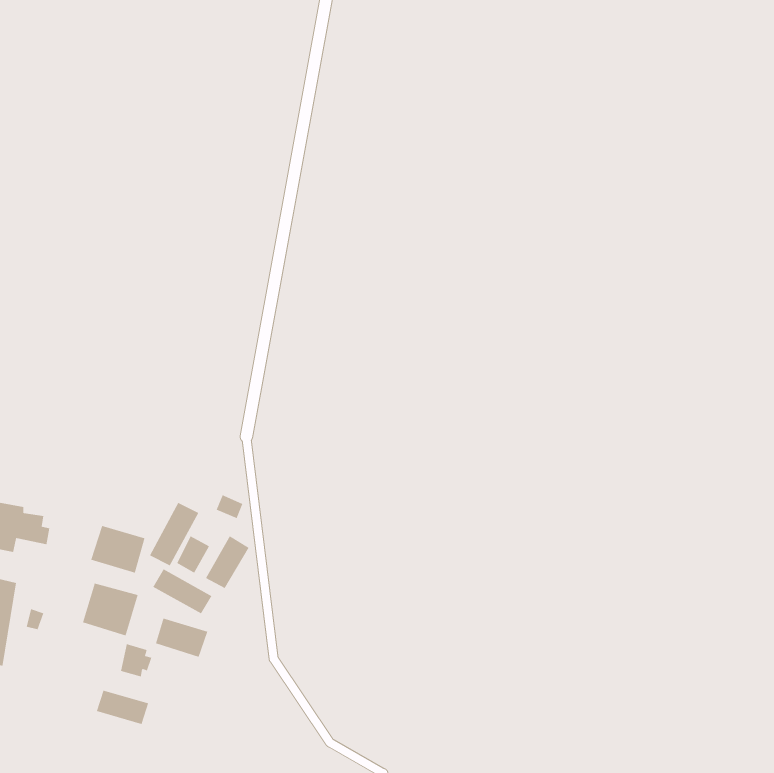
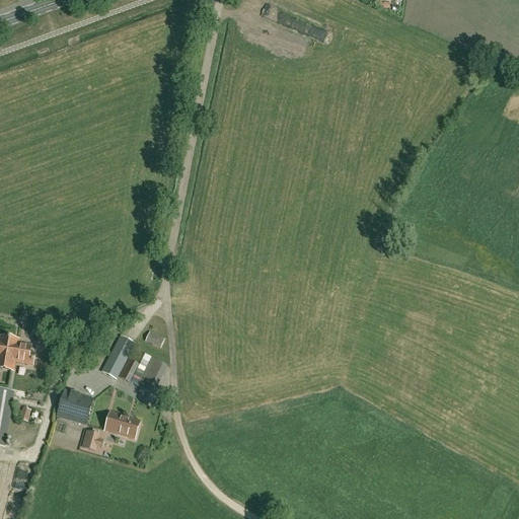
building: [91,525,145,573] -> none
building: [153,569,212,614] -> none
building: [96,690,149,725] -> none

